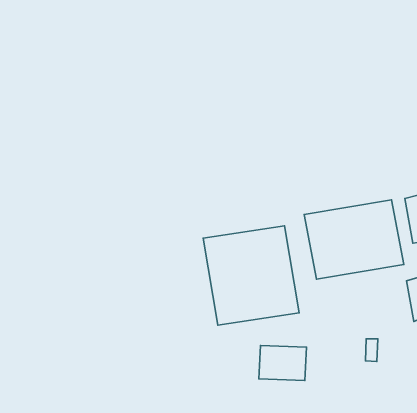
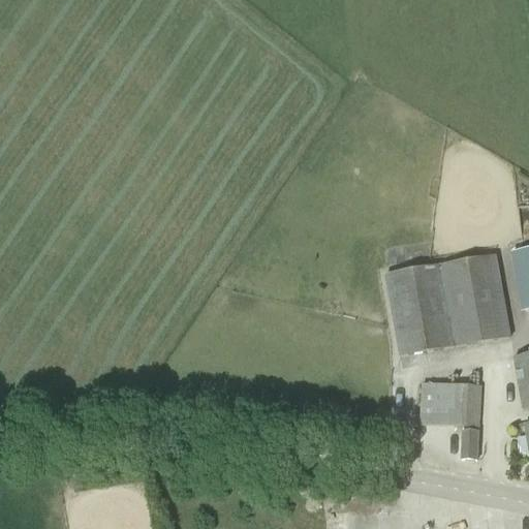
building: [203,226,299,325] -> none
building: [259,345,306,380] -> [422,381,481,426]

